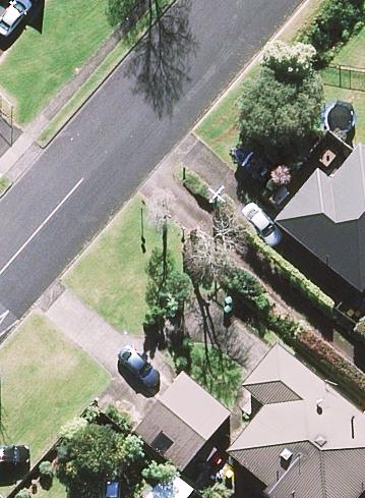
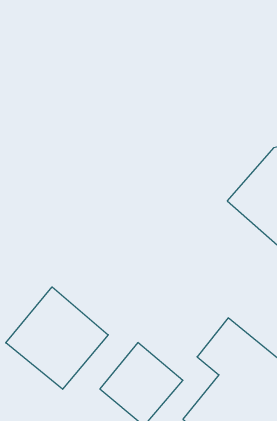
building: none -> [6,287,108,389]

